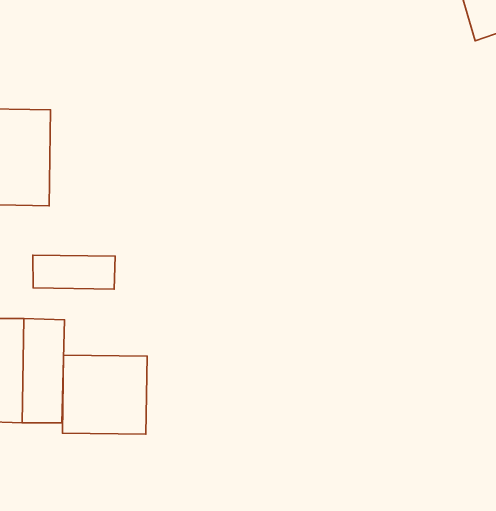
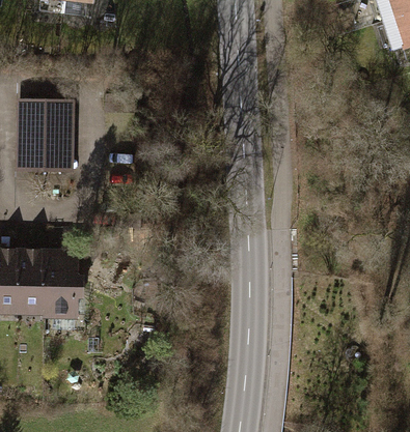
building: [33,255,115,289] -> none
building: [63,355,147,434] -> none

